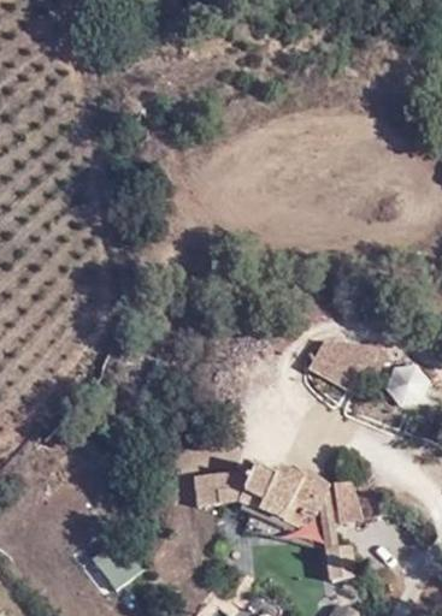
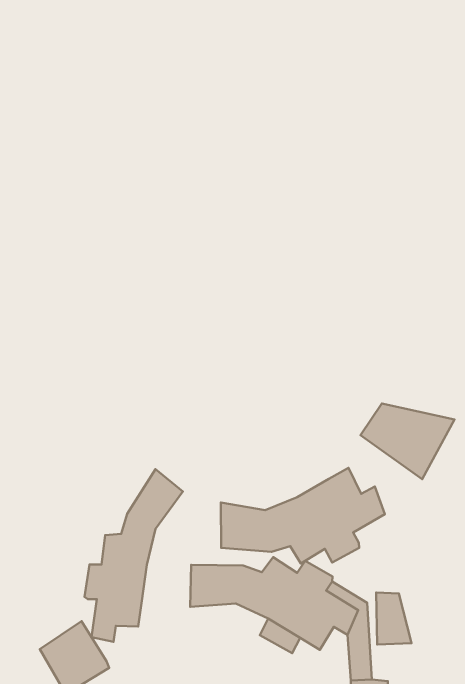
building: none -> [221,468,385,563]
building: none -> [84,469,183,642]

